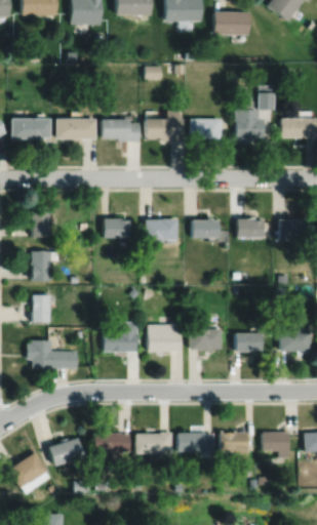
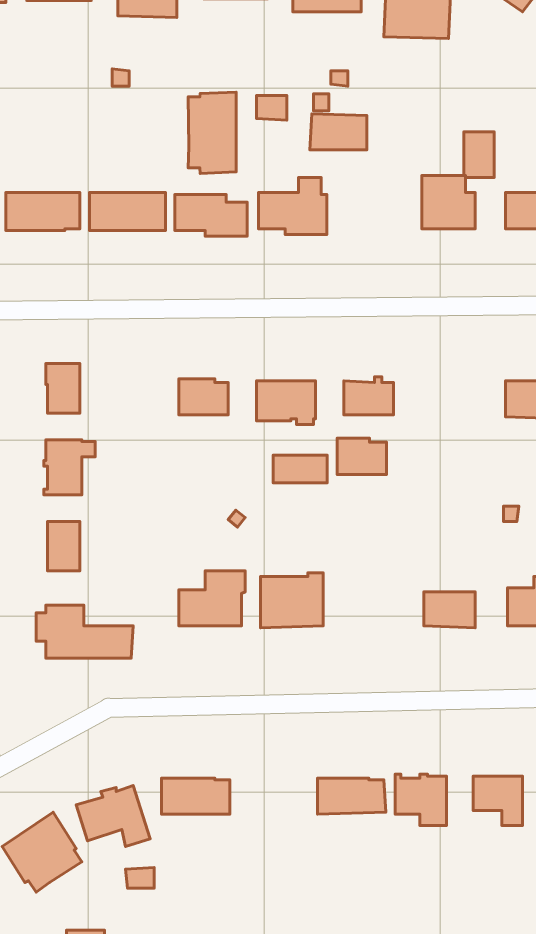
building: none -> [188,92,236,173]
building: [190,118,221,137] -> [310,114,367,150]
building: [238,218,265,238] -> [337,438,387,474]
building: none -> [273,455,327,483]
building: [190,329,223,353] -> none
building: [136,433,173,454] -> none

